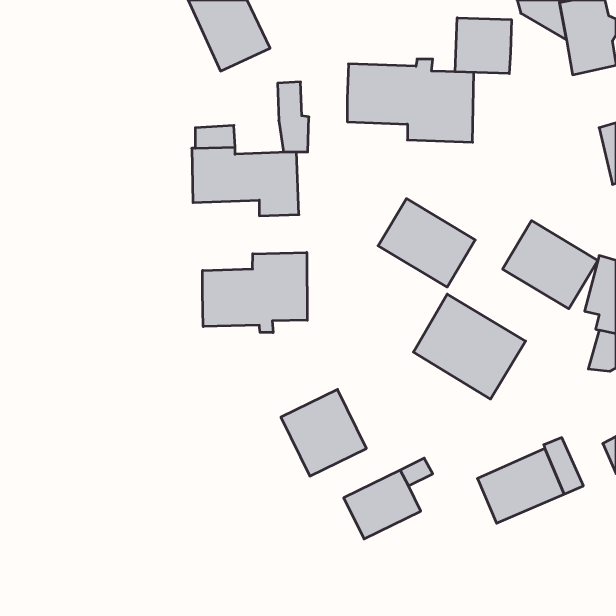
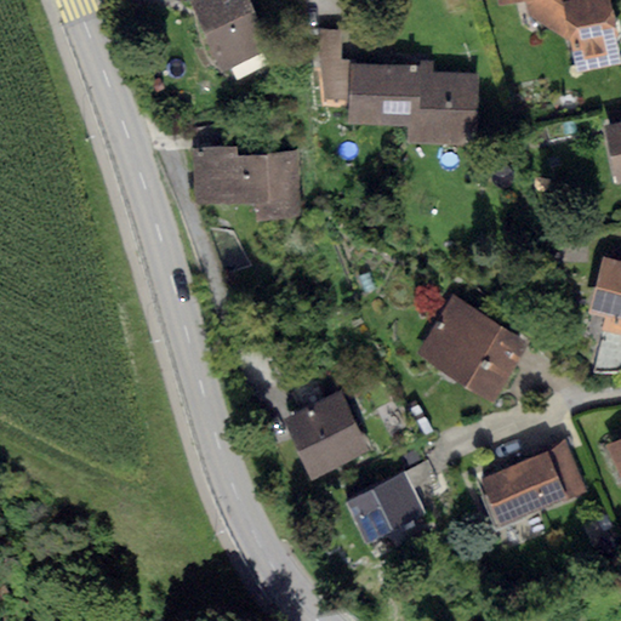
building: [455,18,511,74] -> none
building: [278,82,309,152] -> [319,29,351,99]
building: [378,199,475,287] -> none
building: [503,221,598,309] -> none
building: [202,252,307,333] -> none

